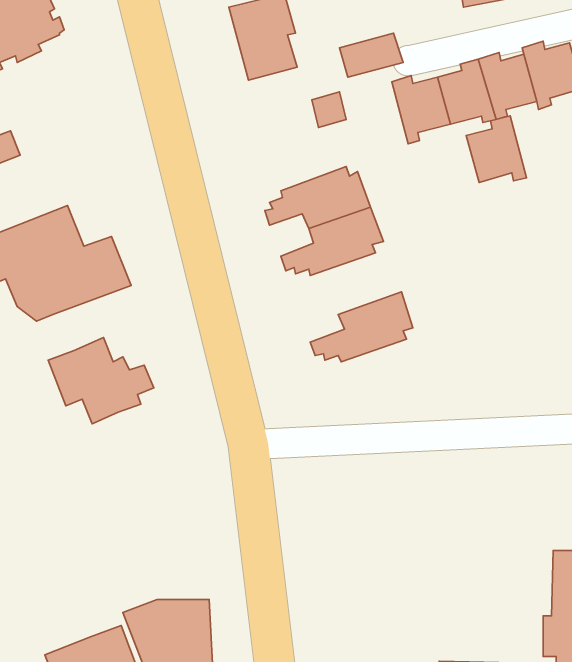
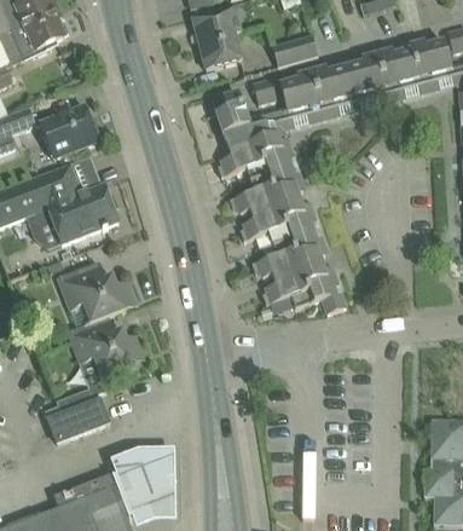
building: none -> [214,92,278,151]
building: [466,116,526,183] -> [279,70,324,120]
building: none -> [40,105,100,160]
building: none -> [241,197,319,243]
building: none -> [262,261,346,313]
building: none -> [45,316,146,443]

